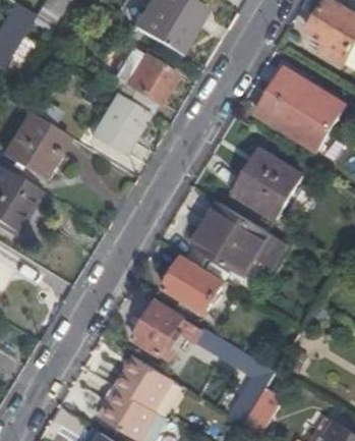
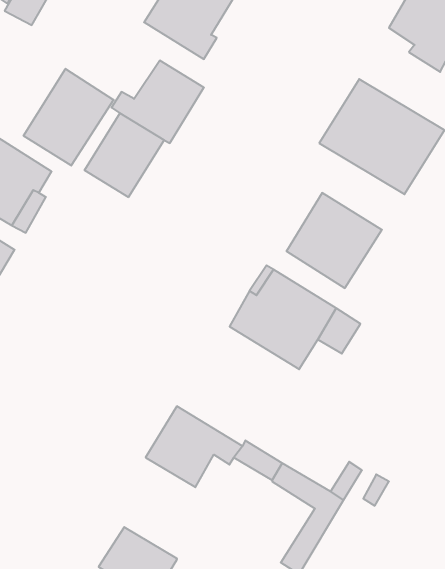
building: none -> [24,69,114,166]
building: [165,255,233,315] -> none
building: [118,356,176,411] -> none

